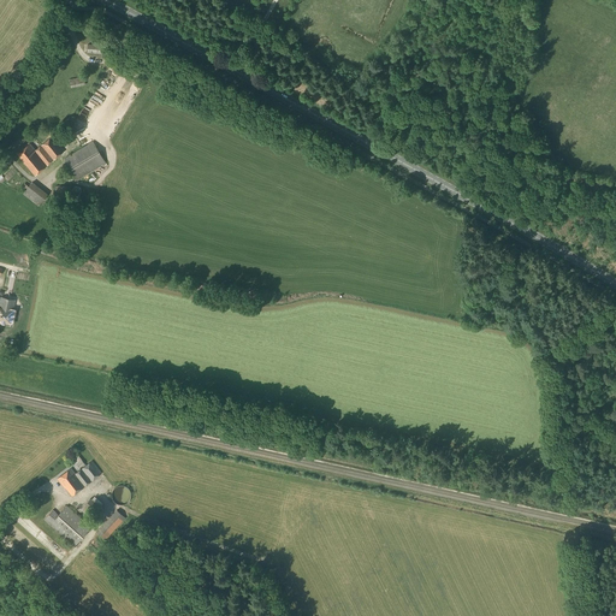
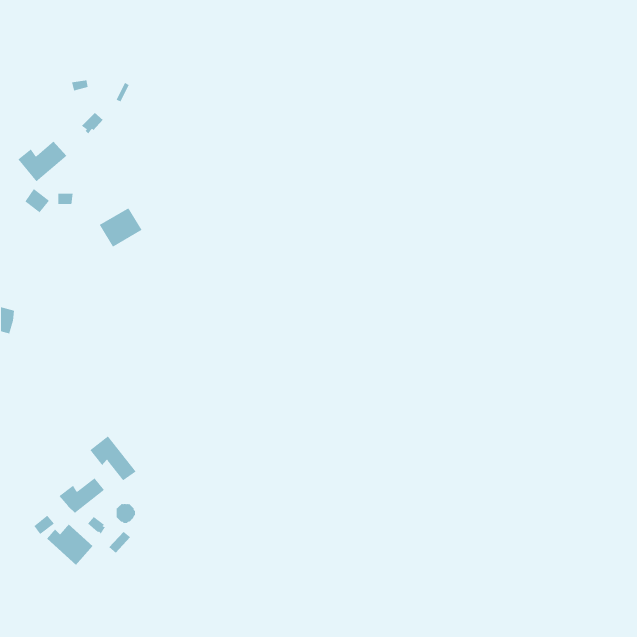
building: [64,142,106,180] -> [99,207,142,247]
building: none -> [89,435,137,481]

